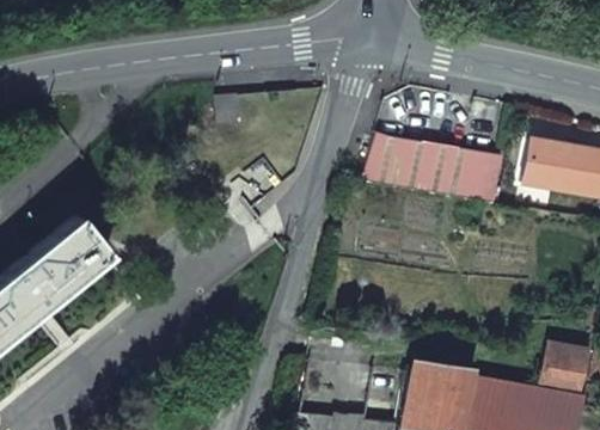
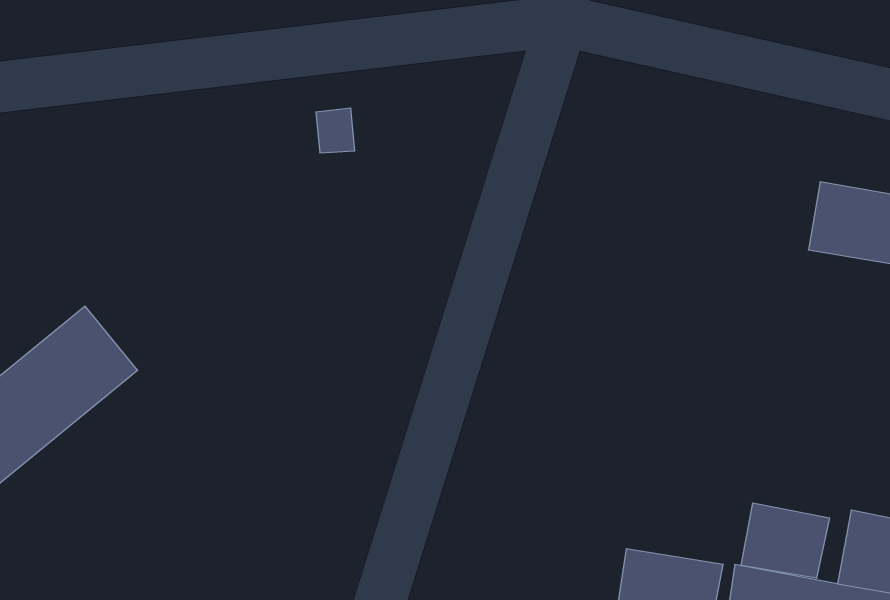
building: [362,130,502,202] -> none
building: none -> [741,503,830,578]

